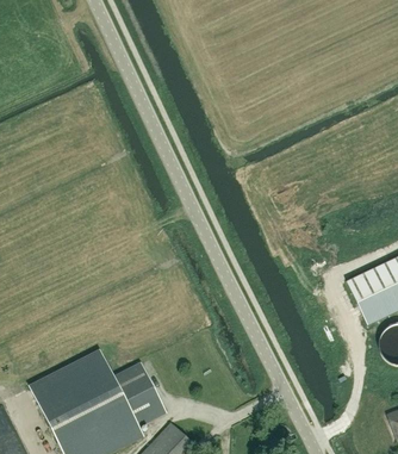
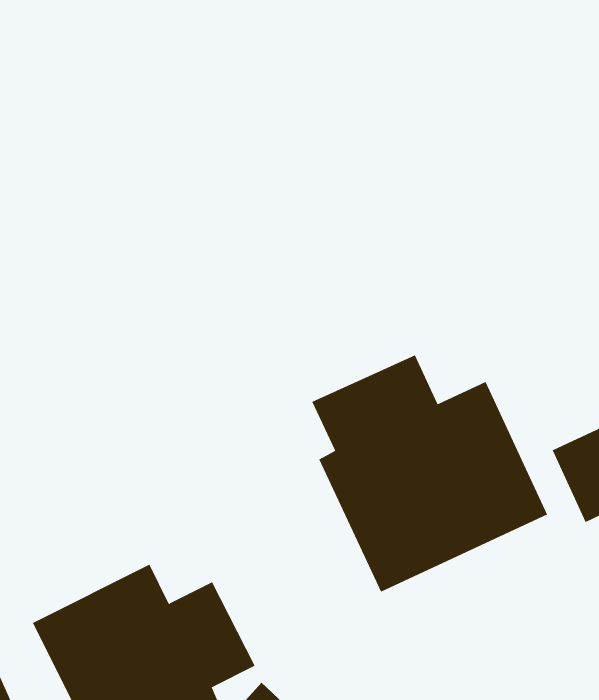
building: none -> [312,354,548,593]

